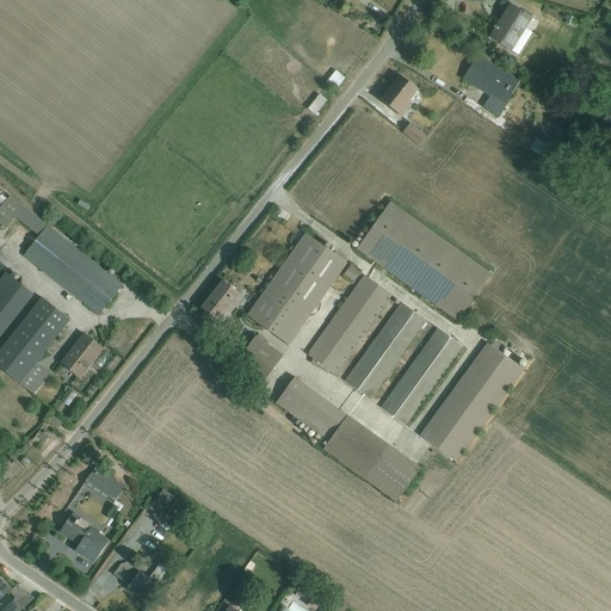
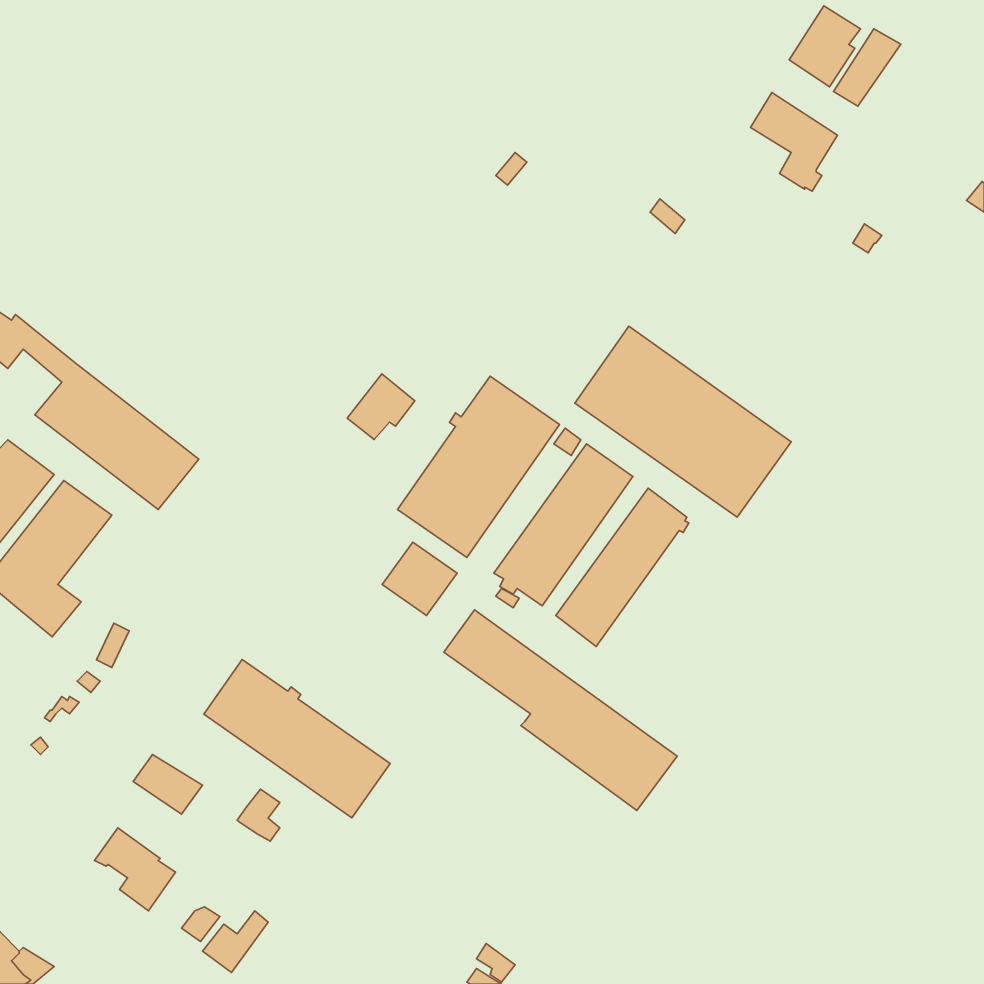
building: none -> [833,29,901,106]
building: [379,75,418,117] -> none
building: [200,280,242,321] -> [347,374,415,440]
building: [379,328,462,425] -> none
building: [60,333,101,377] -> none
building: [418,339,523,462] -> none
building: none -> [204,660,390,818]

